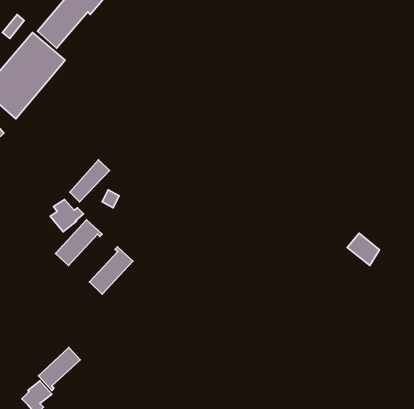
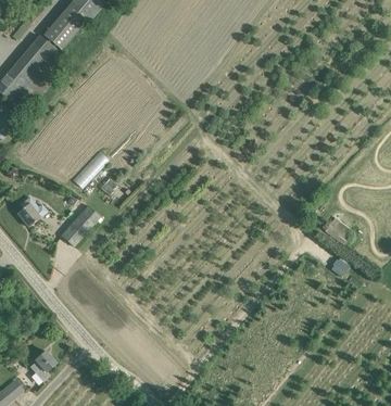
building: [50,199,84,232] -> [16,196,47,226]
building: [89,247,133,294] -> none
building: [38,347,80,390] -> none

